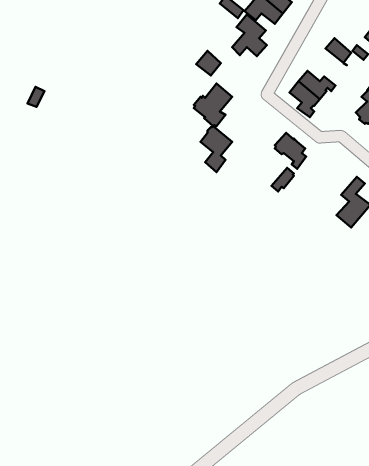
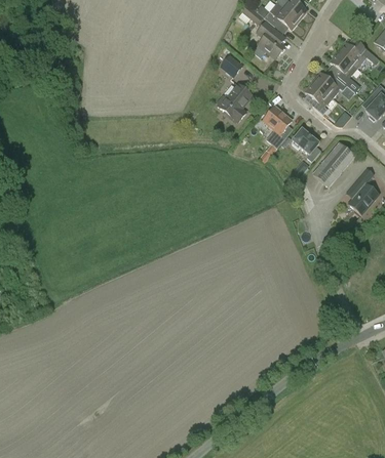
building: none -> [331,51,357,84]
building: [201,126,232,172] -> [263,106,292,148]
building: none -> [313,142,354,186]

